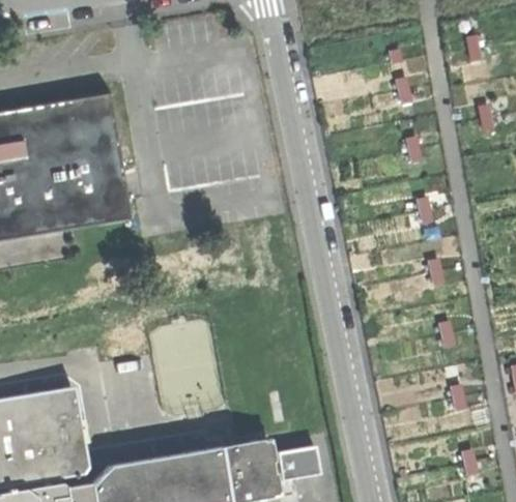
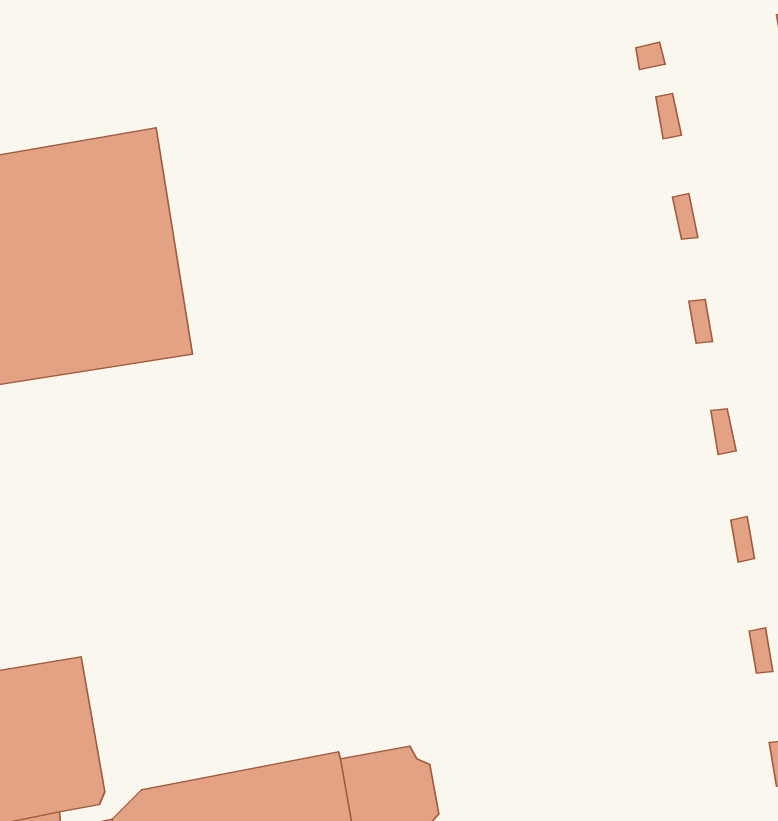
building: [267,450,302,483] -> none

